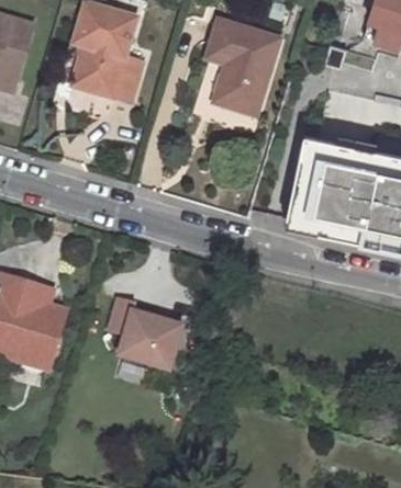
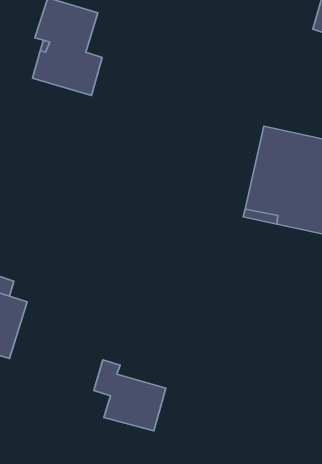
building: [210,23,278,115] -> none
building: [110,295,182,366] -> [94,360,166,431]

